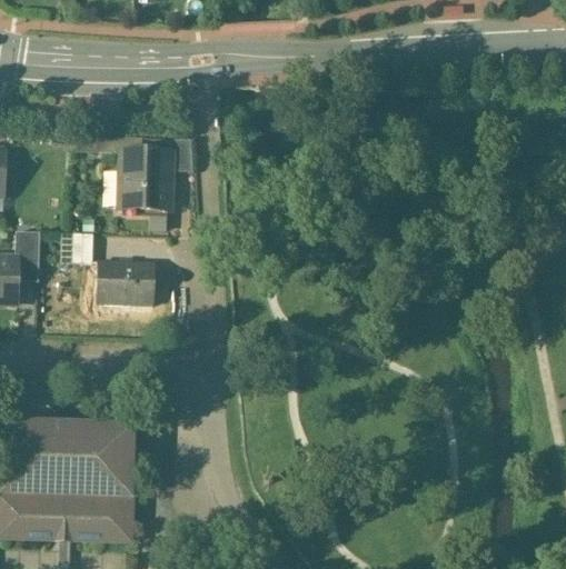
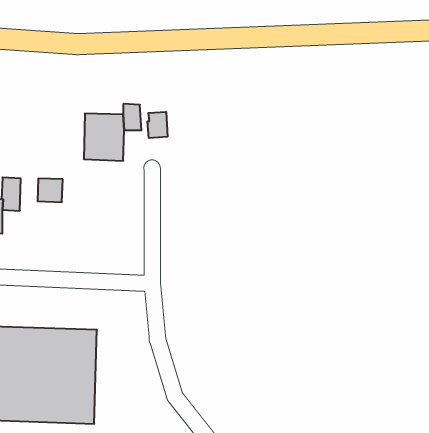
building: none -> [148,112,168,138]
building: [96,261,155,305] -> none

